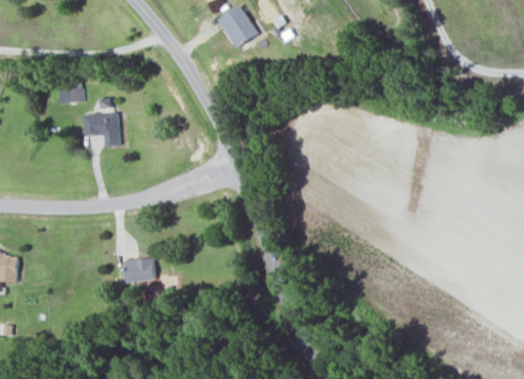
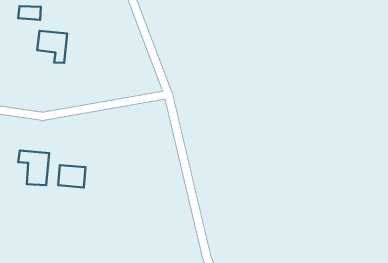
building: none -> [18,151,49,185]

